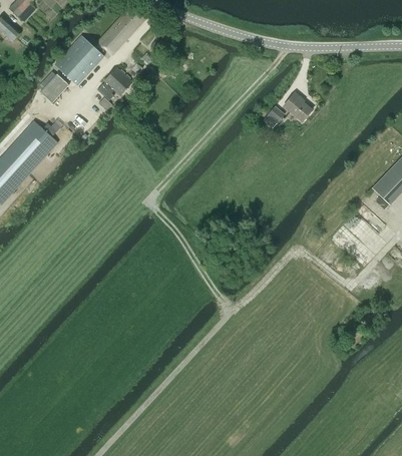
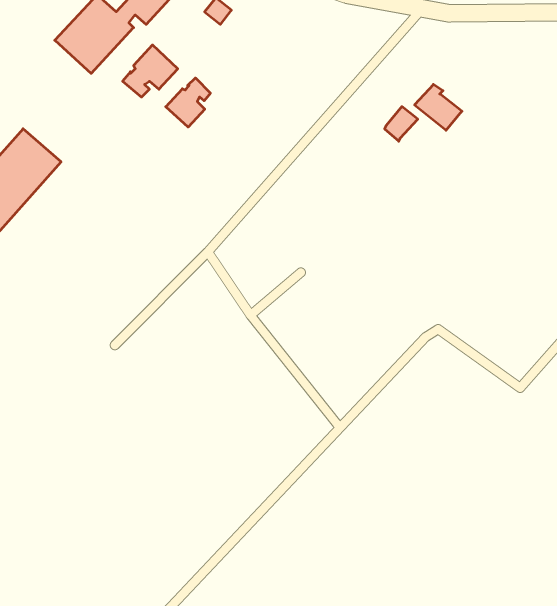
building: [40,73,69,103] -> none
building: none -> [166,78,210,127]

